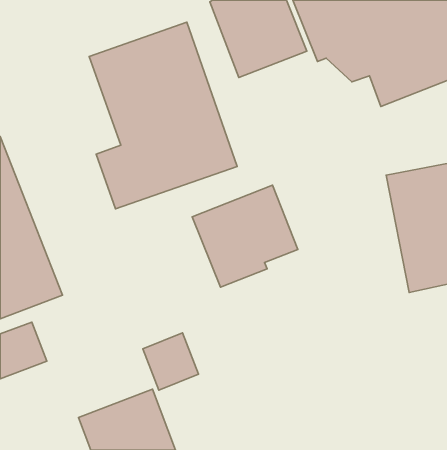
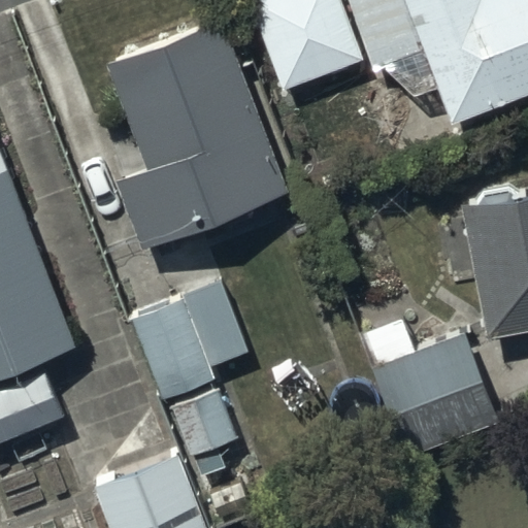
building: [192,185,298,287] -> [130,277,254,397]
building: none -> [364,318,501,459]

